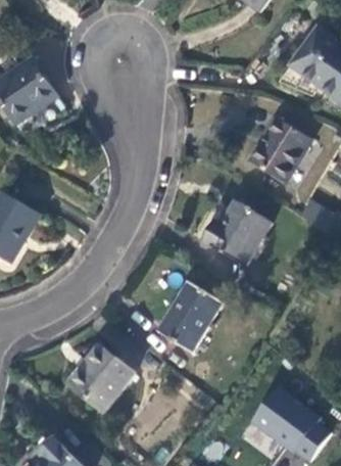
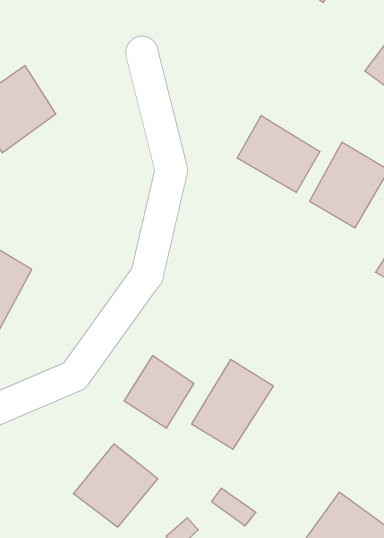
building: none -> [237,115,320,193]
building: [203,201,272,265] -> none
building: none -> [124,356,194,428]

